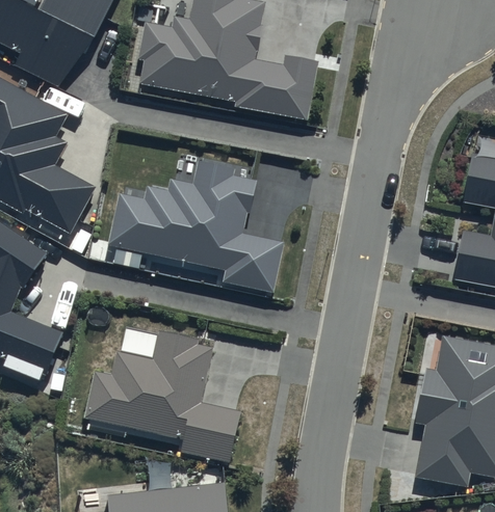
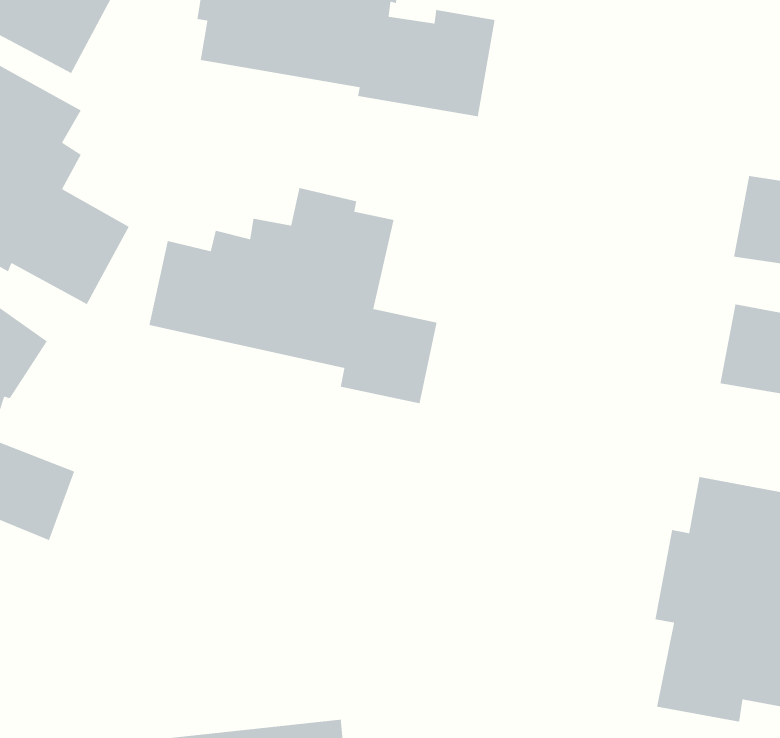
building: [83,330,245,466] -> none

